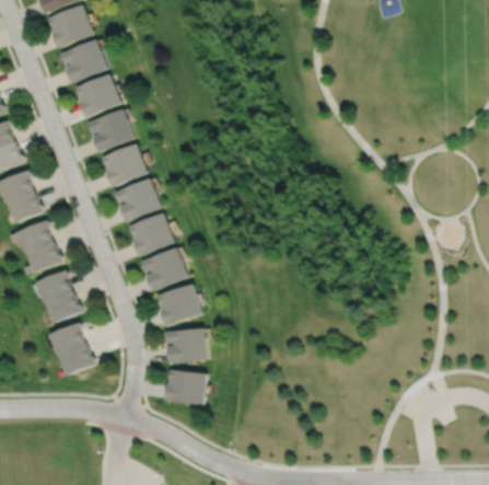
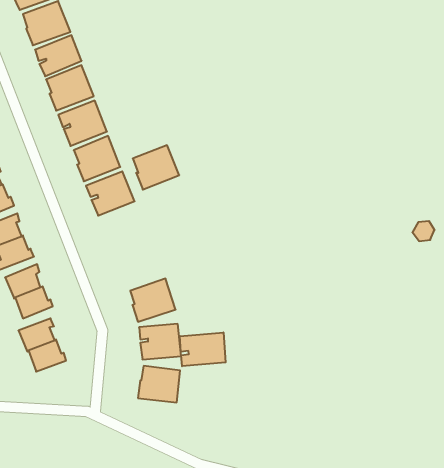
building: [129,212,175,256] -> [133,145,179,190]
building: [141,247,188,291] -> none
building: none -> [180,332,226,366]

